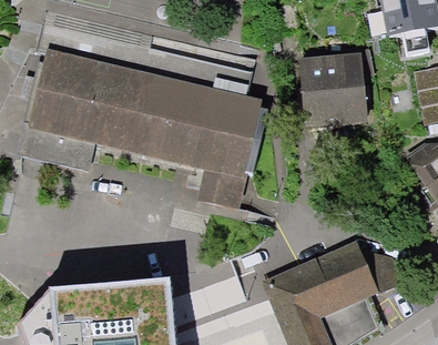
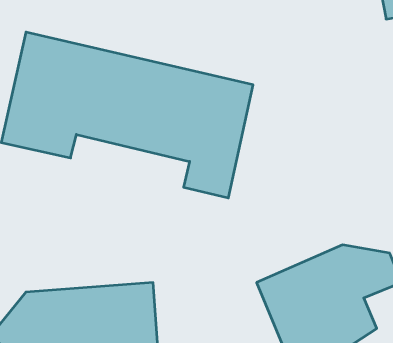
building: [297,47,367,126] -> none

